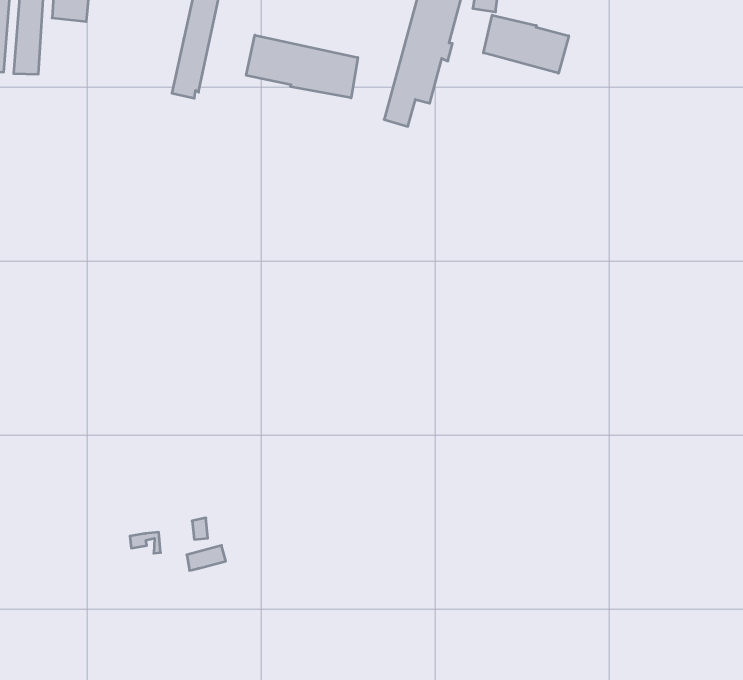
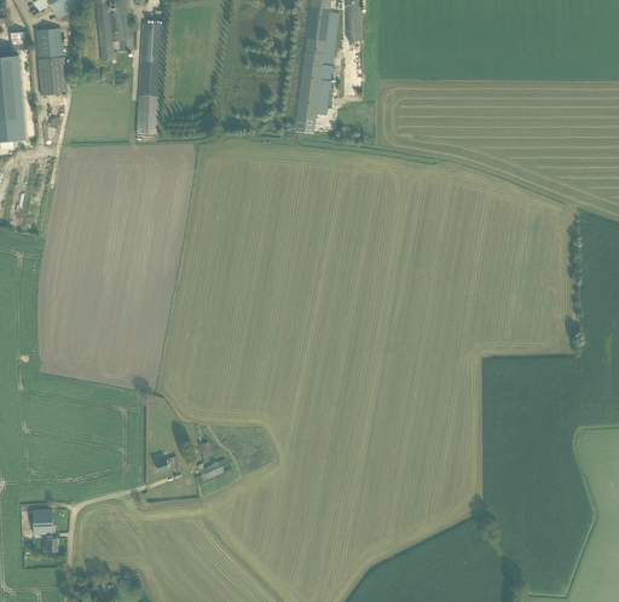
building: [483,15,569,73] -> none
building: [246,35,358,98] -> none

